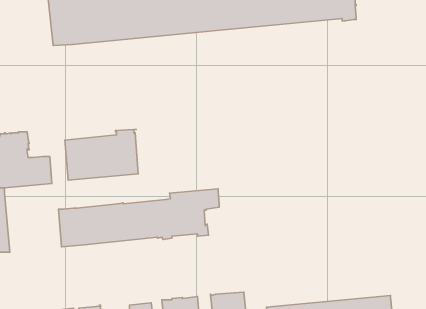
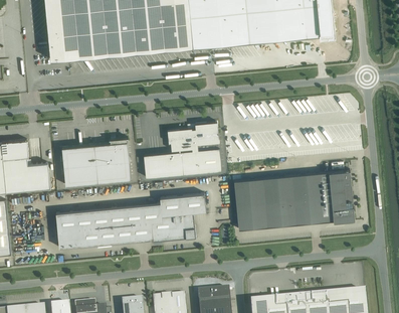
building: none -> [143,121,221,176]
building: none -> [233,169,354,228]

